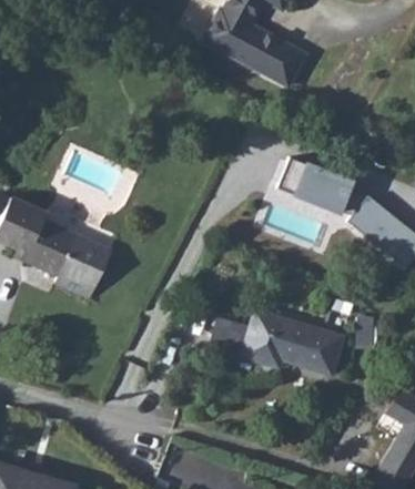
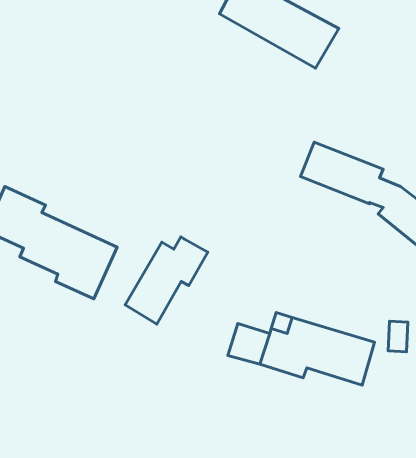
building: none -> [125,237,208,324]

